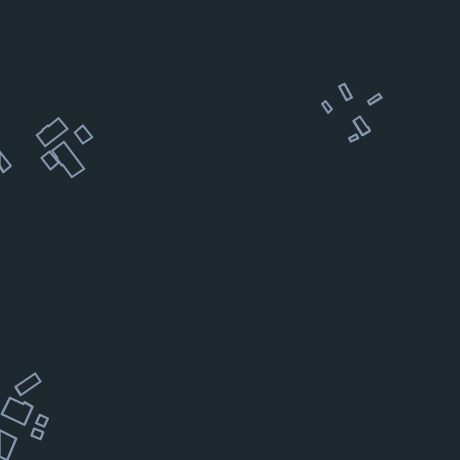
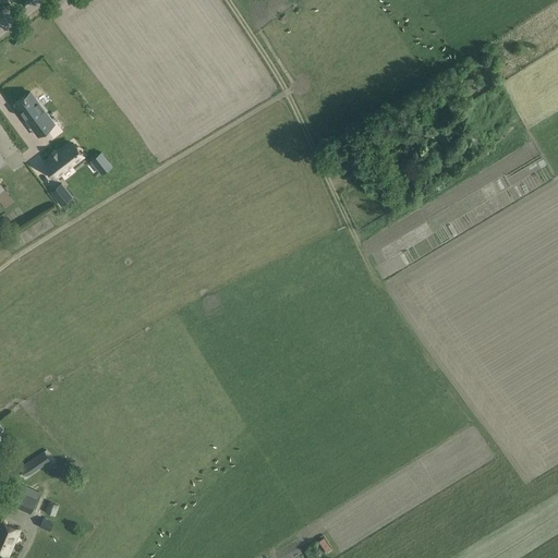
building: none -> [14,93,53,134]
building: [52,142,84,177] -> none

